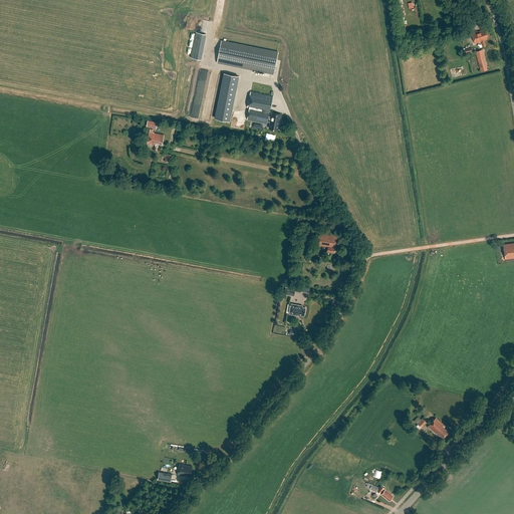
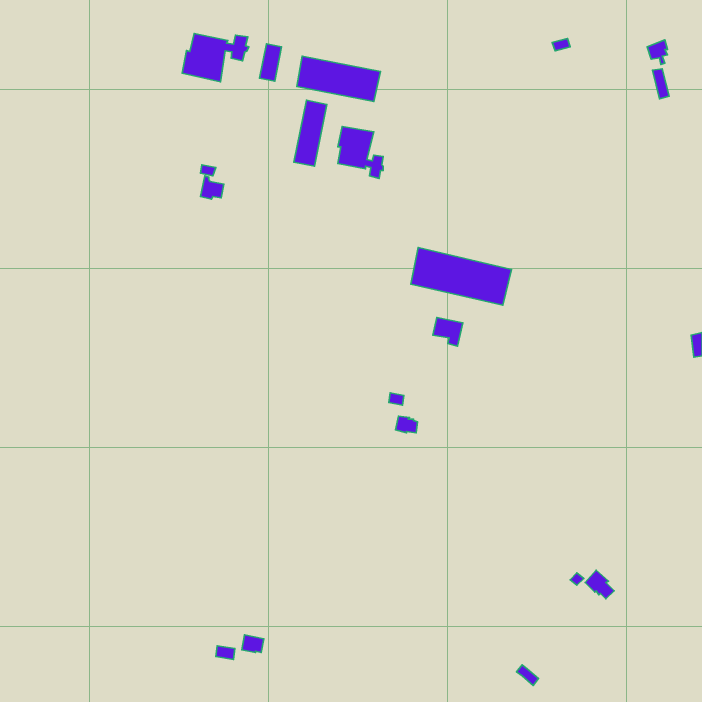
building: none -> [182,34,249,82]
building: none -> [411,247,512,305]

